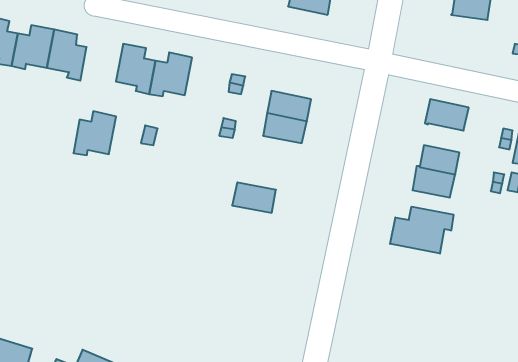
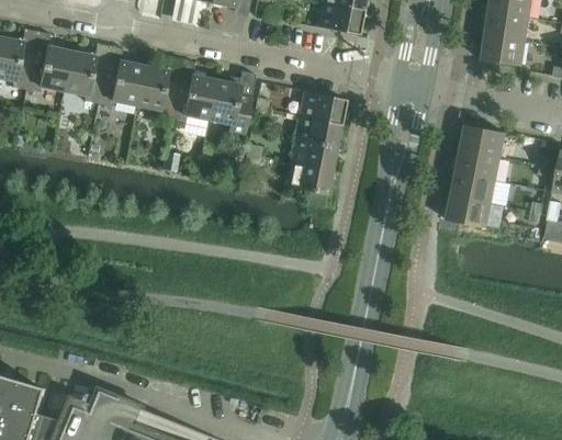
building: none -> [482,33,526,65]
building: none -> [207,70,255,132]
building: none -> [299,90,345,123]
building: [73,111,116,155] -> [98,59,143,105]
building: none -> [459,148,501,179]
building: [232,182,276,213] -> [284,161,330,193]
building: [390,207,453,254] -> none

